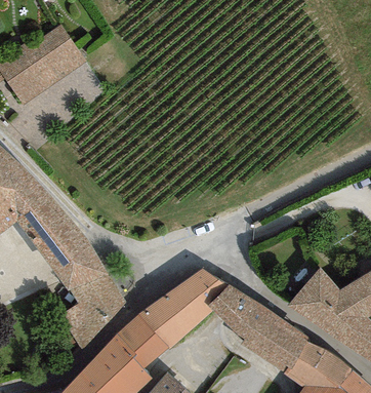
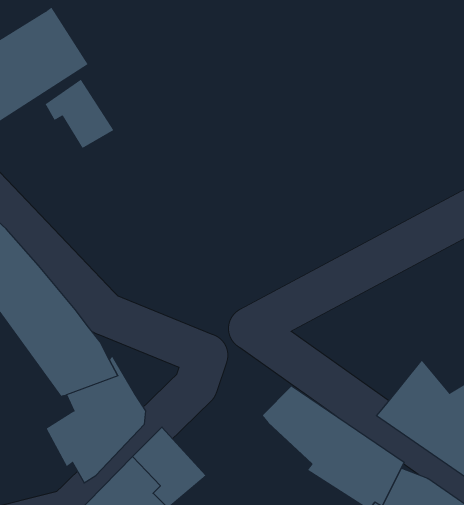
building: none -> [45,79,114,149]
building: [137,267,228,350] -> none

